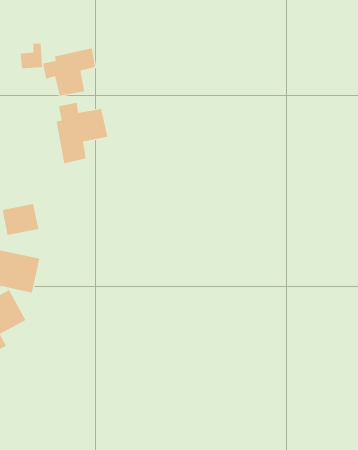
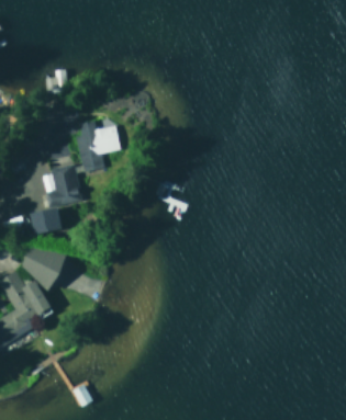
building: [43,48,96,96] -> none
building: none -> [42,166,82,207]

